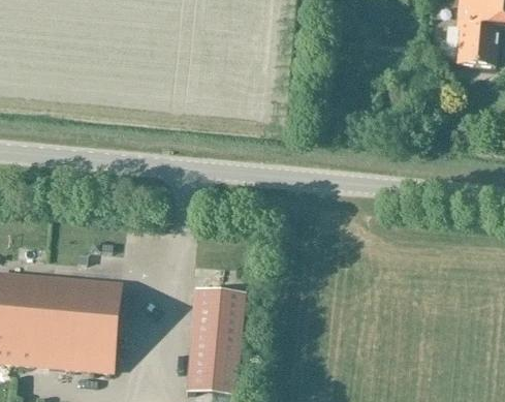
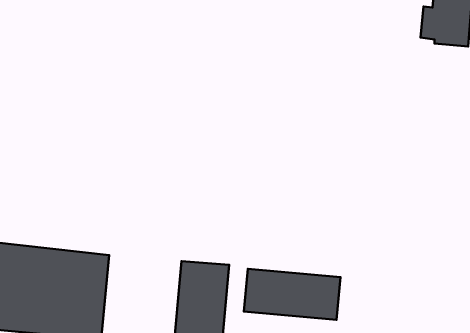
building: none -> [244,269,341,320]

